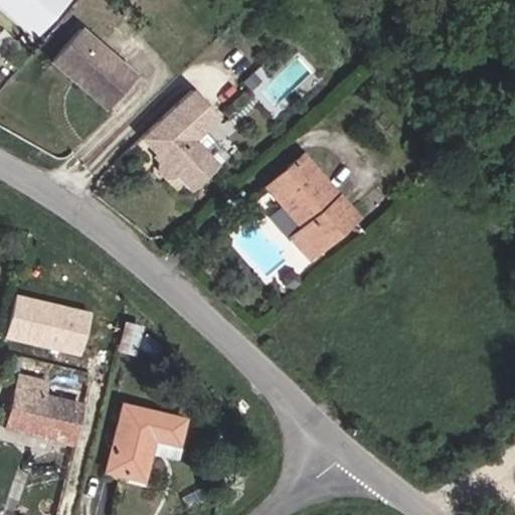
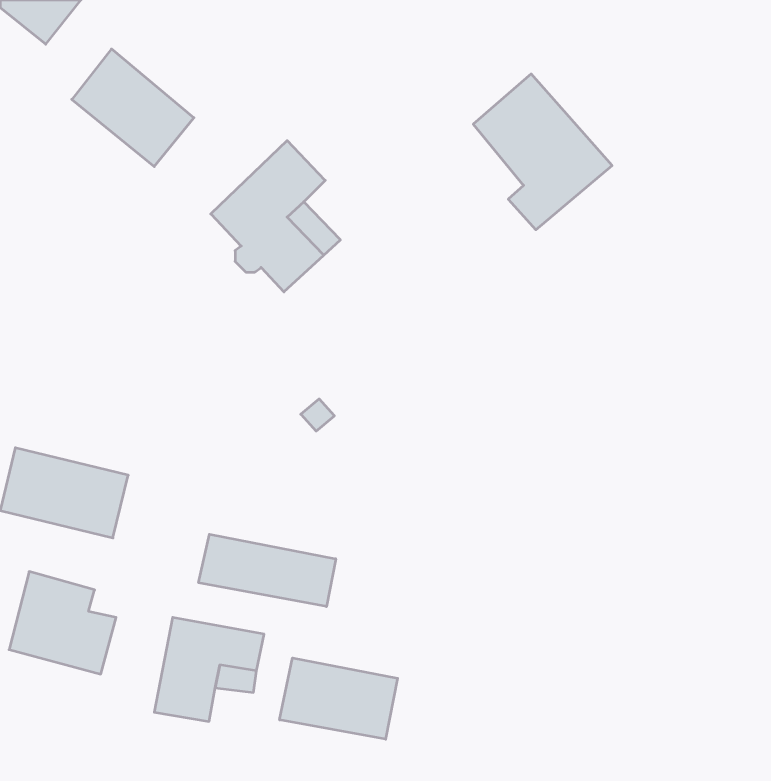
building: [272,160,363,263] -> [473,74,612,230]
building: none -> [199,534,336,607]
building: none -> [280,658,398,739]

